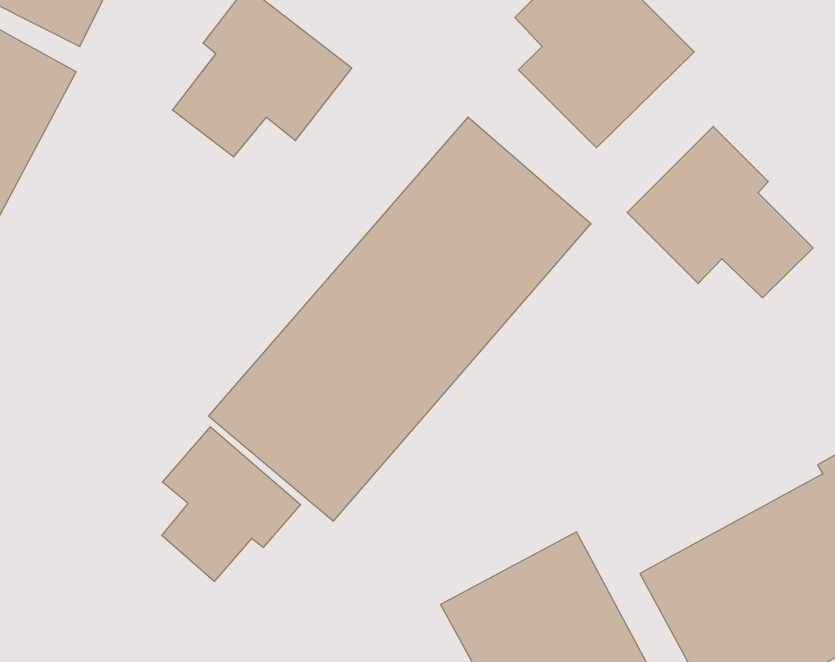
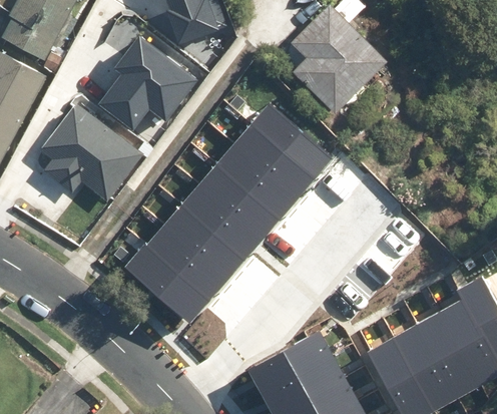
building: none -> [30,96,144,200]
building: [627,126,813,298] -> none
building: [162,427,300,581] -> none

